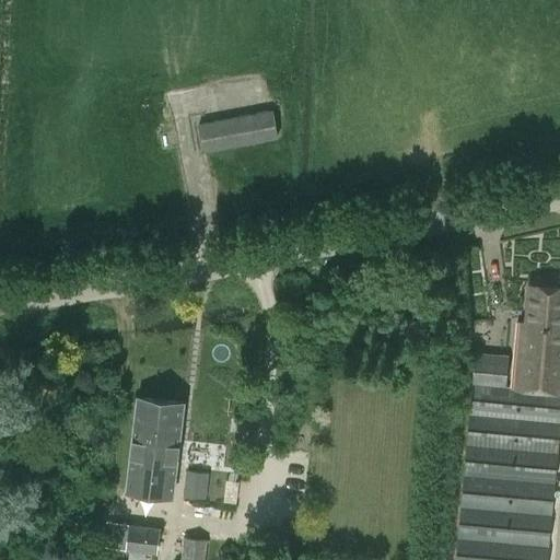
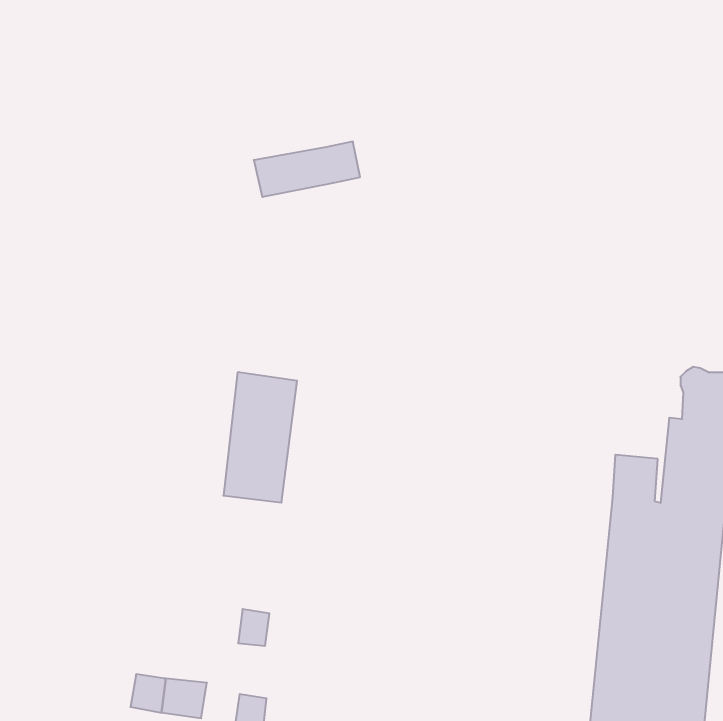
building: [127,398,184,499] -> [223,372,297,503]

